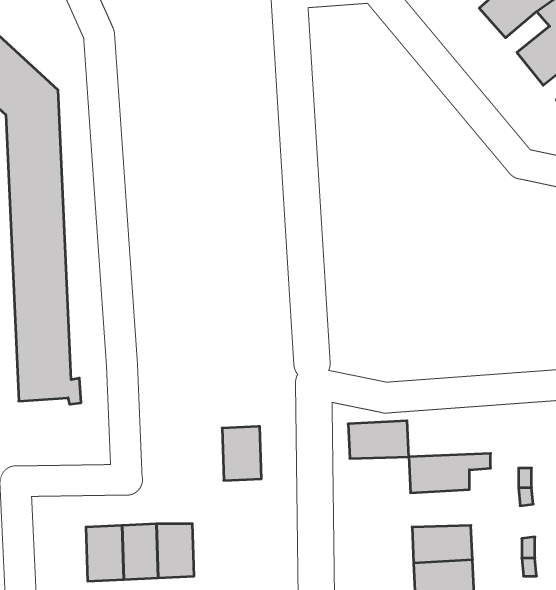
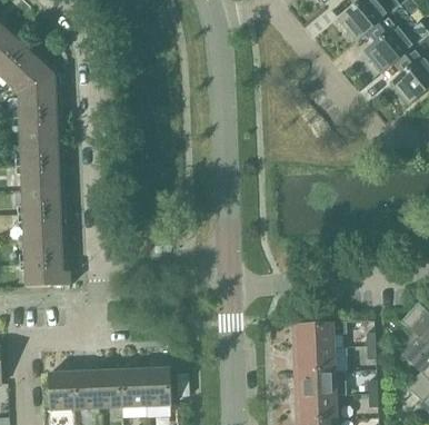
building: [348,421,409,458] -> [292,347,333,373]
building: [222,426,261,480] -> [144,369,171,406]
building: none -> [48,373,73,409]

